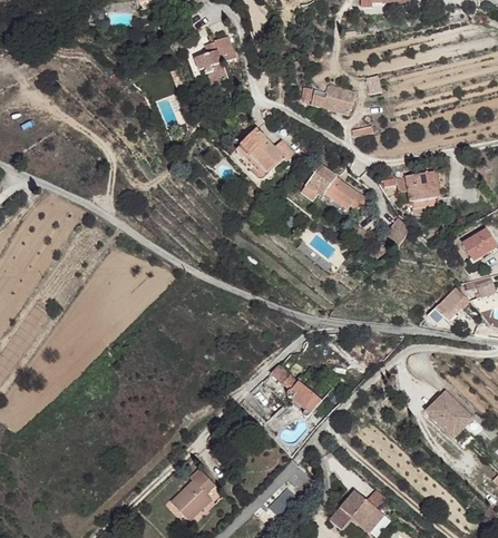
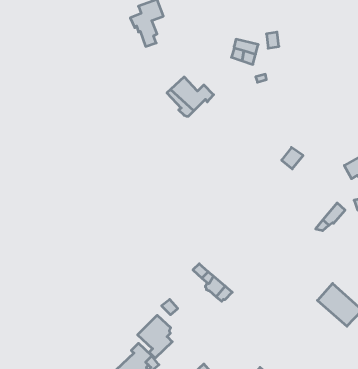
building: [302,164,371,211] -> none
building: [381,170,434,203] -> none
building: none -> [138,315,172,358]

